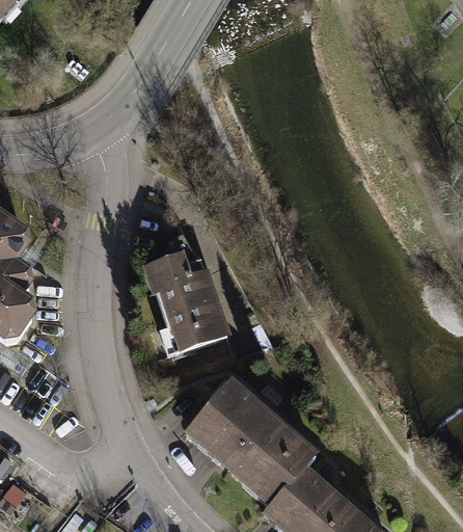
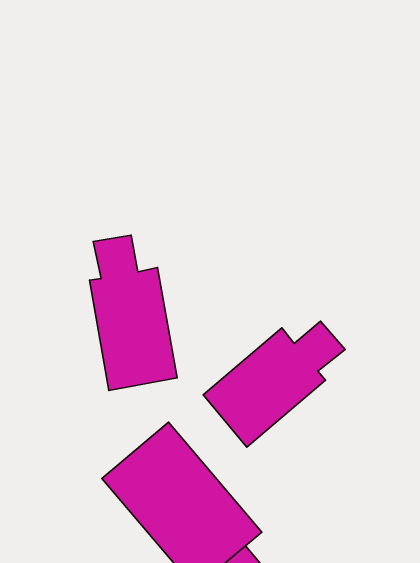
building: none -> [203,321,345,447]

